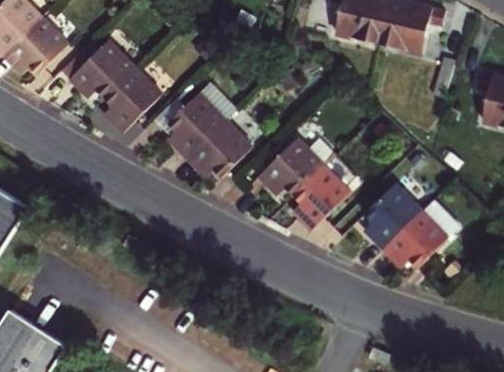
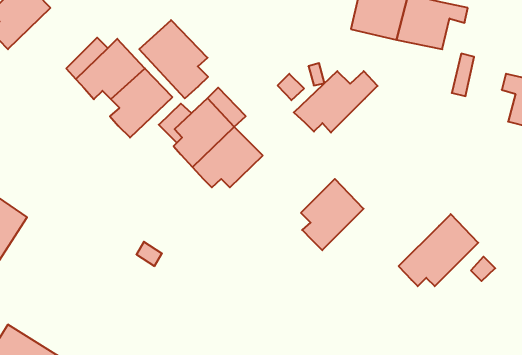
building: [8,11,76,70] -> none
building: none -> [139,20,208,98]
building: [250,146,329,205] -> [294,71,378,133]
building: [358,190,416,255] -> none

